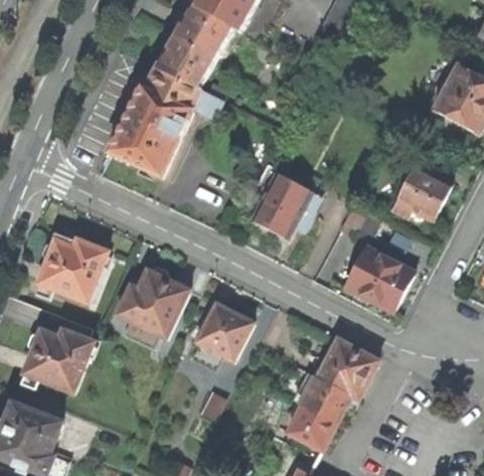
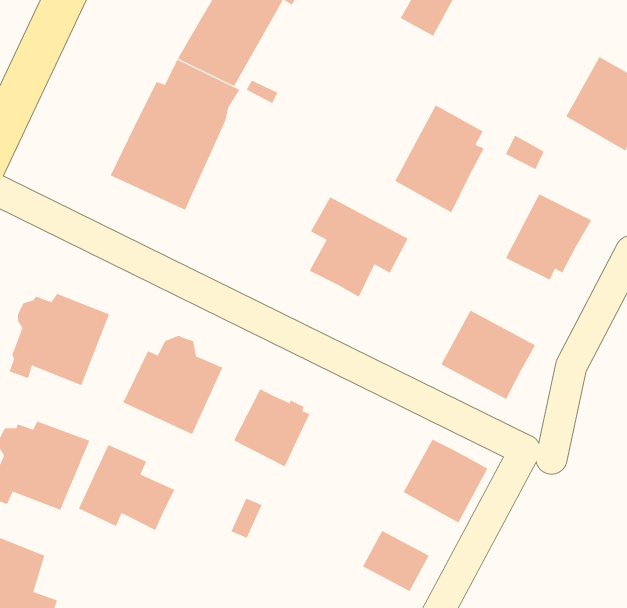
building: none -> [394,104,484,213]
building: none -> [78,444,175,531]
building: [299,375,351,423] -> none

